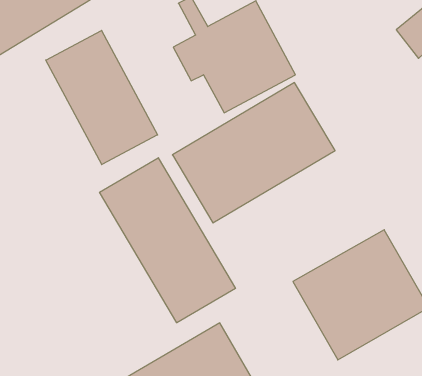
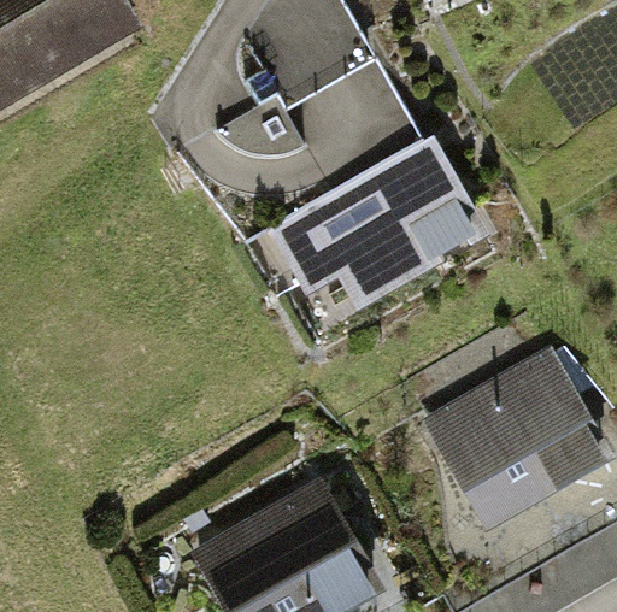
building: [46,30,158,165] -> none
building: [100,158,235,323] -> none

